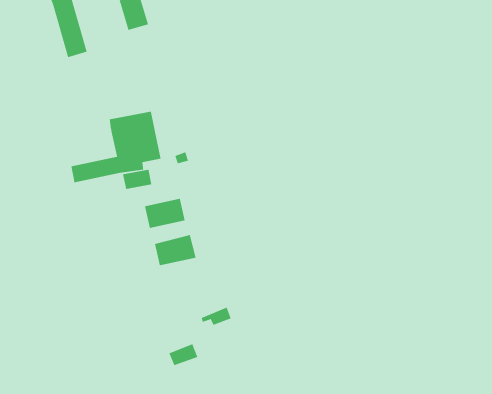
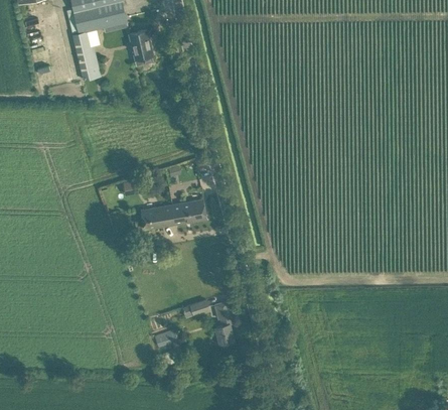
building: [71,111,161,183] -> none
building: [154,234,197,266] -> [171,198,206,224]
building: none -> [213,301,233,344]

